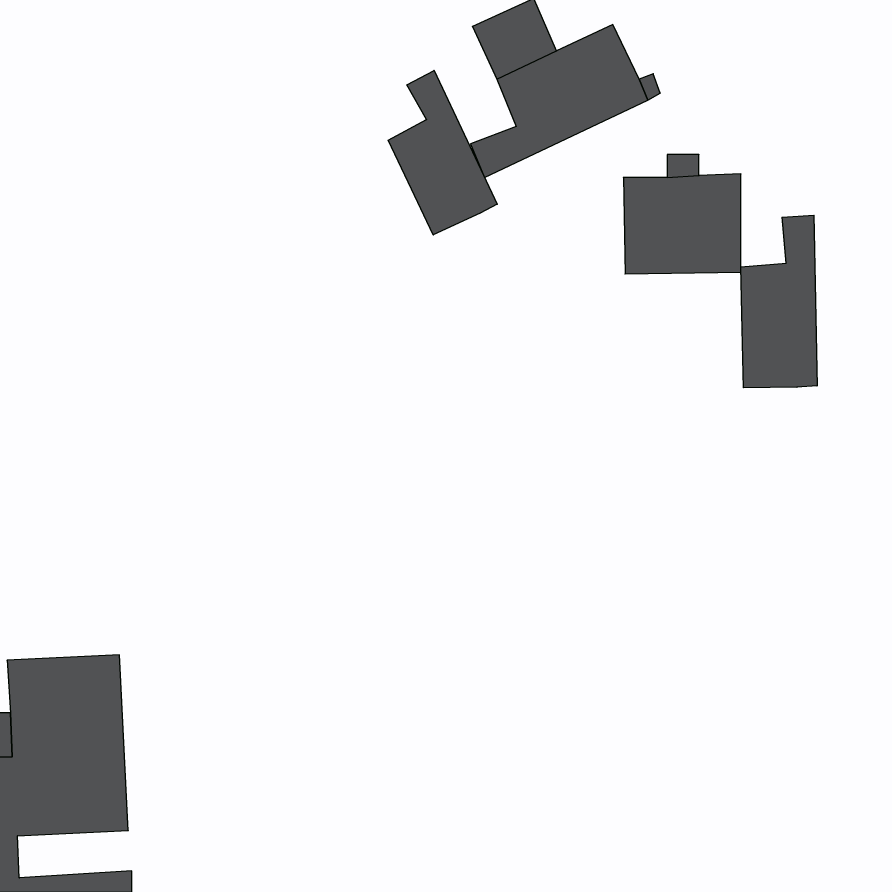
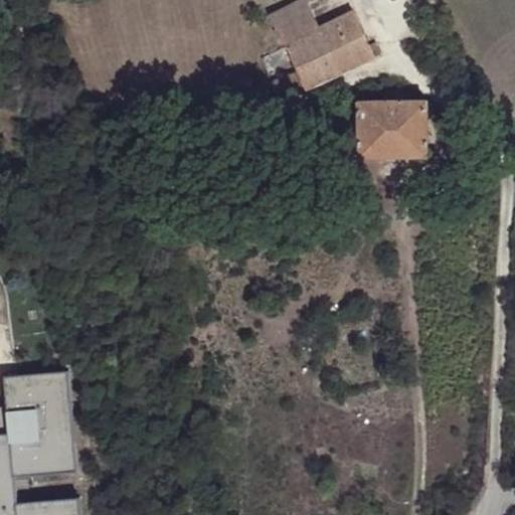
building: [388,70,497,235] -> none
building: [741,215,817,388] -> none

